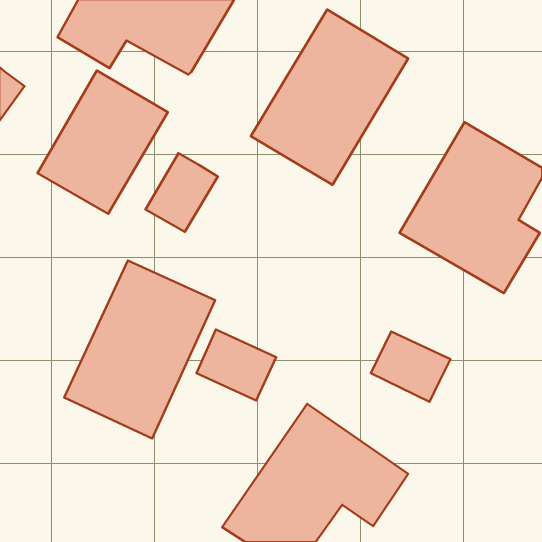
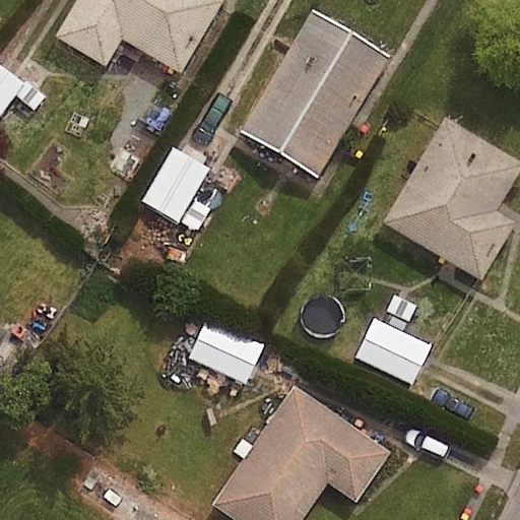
building: [38,70,168,214] -> none
building: [64,260,215,438] -> none

